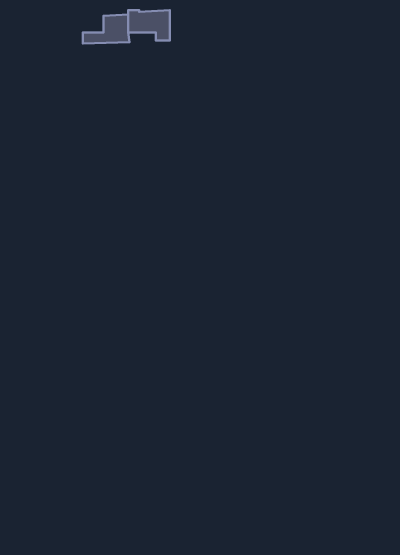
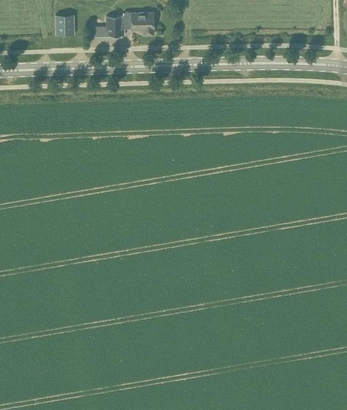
building: none -> [56,13,75,33]

